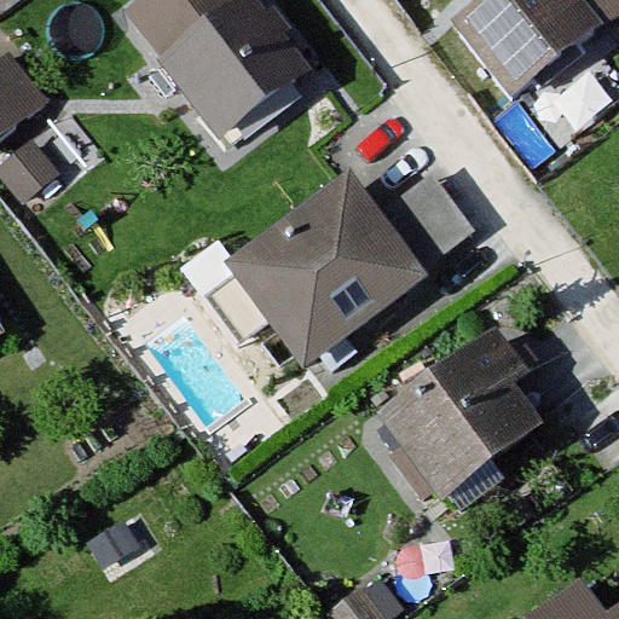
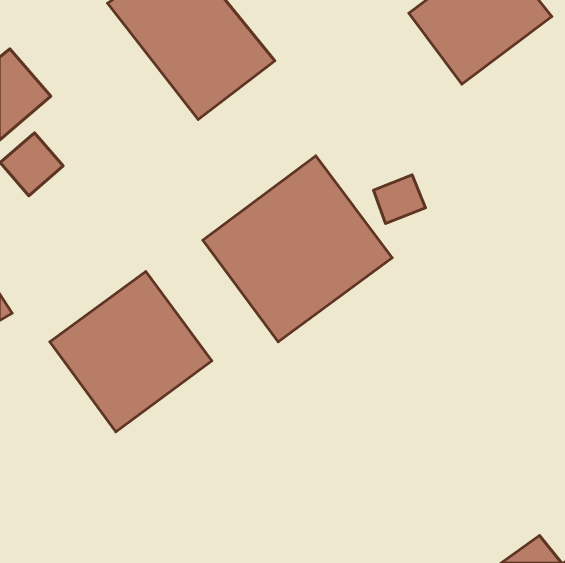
building: none -> [50,272,212,432]
building: [371,325,551,499] -> none

